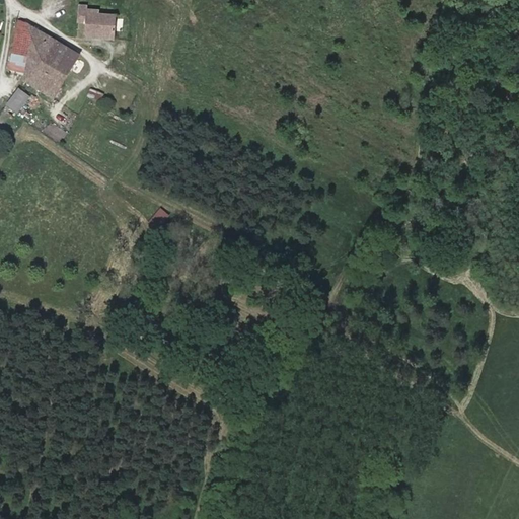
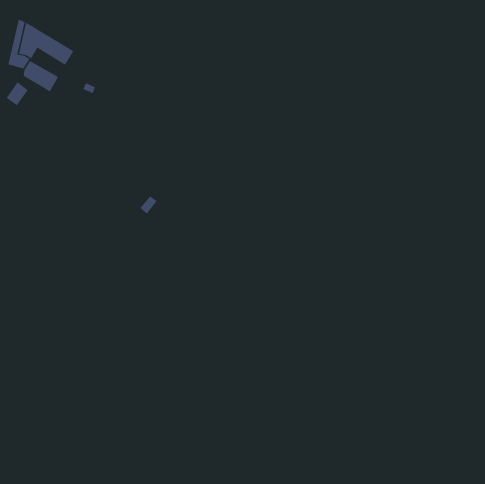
building: [77,4,116,36] -> none
building: [32,52,70,82] -> none

